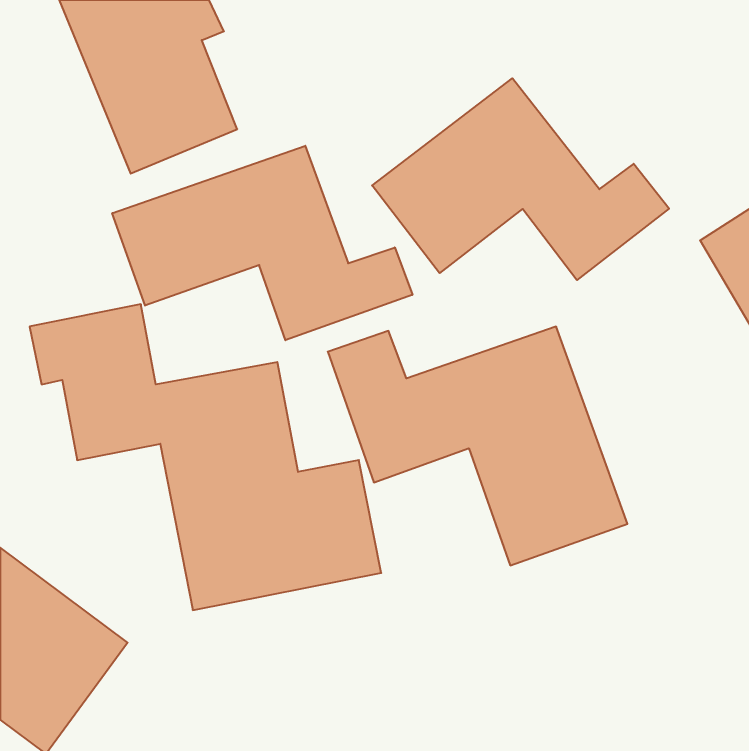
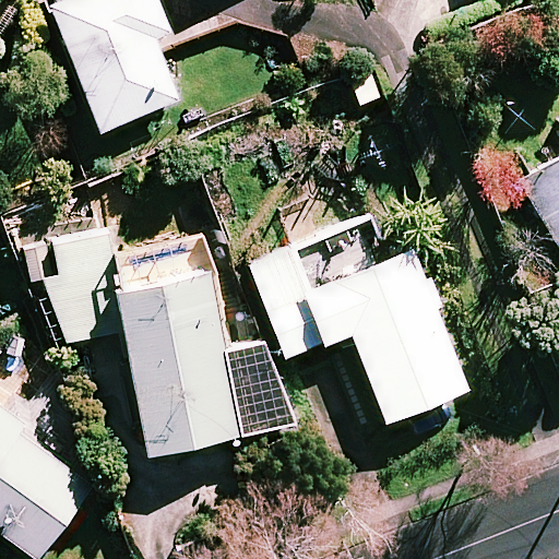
building: [372,78,669,280] -> none
building: [112,146,412,340] -> none

